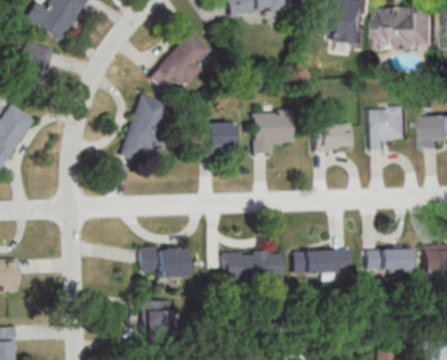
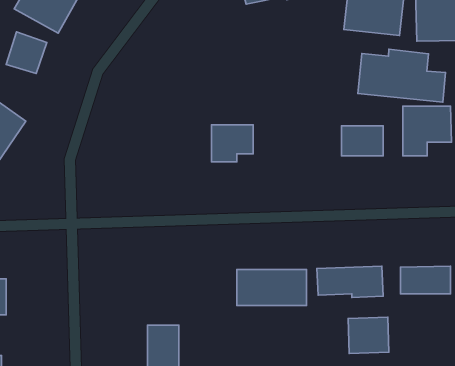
building: [148,31,213,93] -> none
building: none -> [358,49,446,102]
building: [120,95,170,163] -> none
building: [252,111,292,154] -> none
building: [139,247,187,276] -> none
building: none -> [348,317,389,354]

